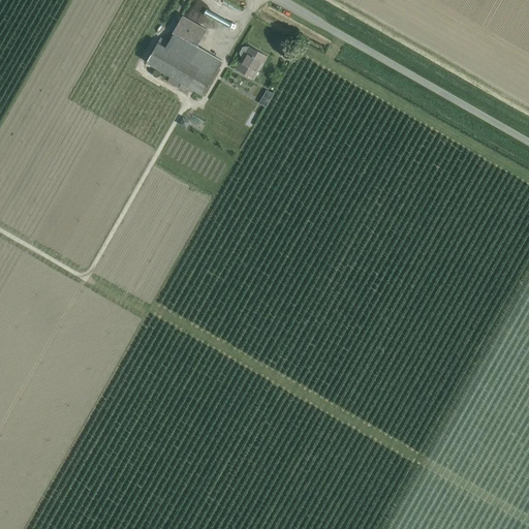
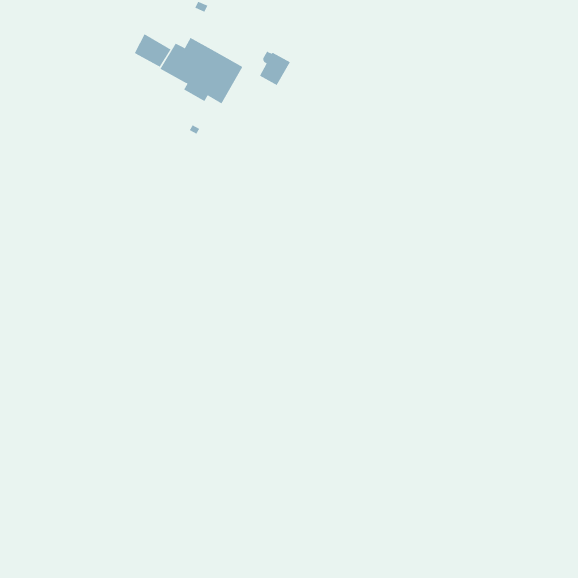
building: [173,15,207,46] -> [134,34,171,68]

